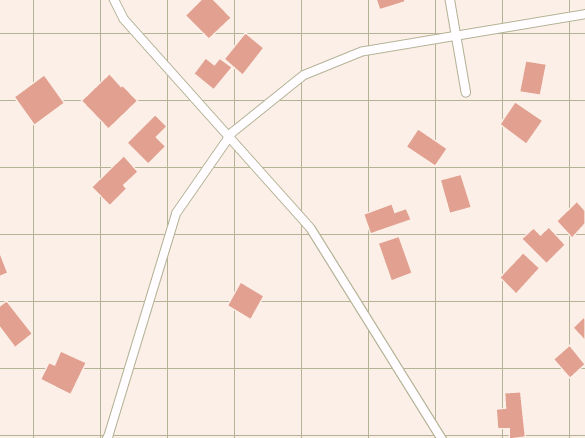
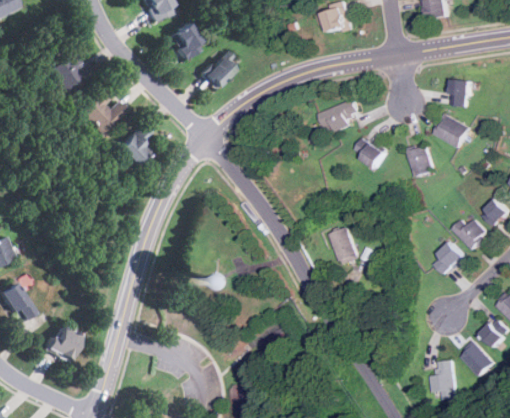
building: [194,58,232,90] -> none
building: [14,75,64,125] -> [43,52,86,95]
building: none -> [319,99,360,132]
building: [92,156,138,205] -> none
building: [440,174,472,213] -> [407,144,434,177]
building: [364,204,411,234] -> none
building: none -> [461,344,494,377]

